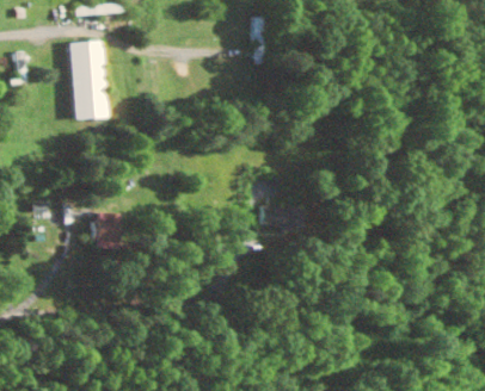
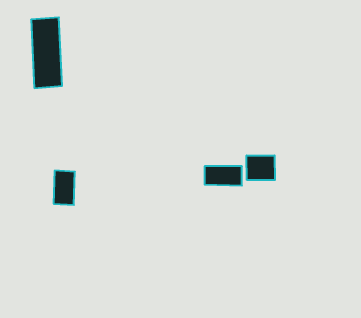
building: none -> [247,155,275,180]

